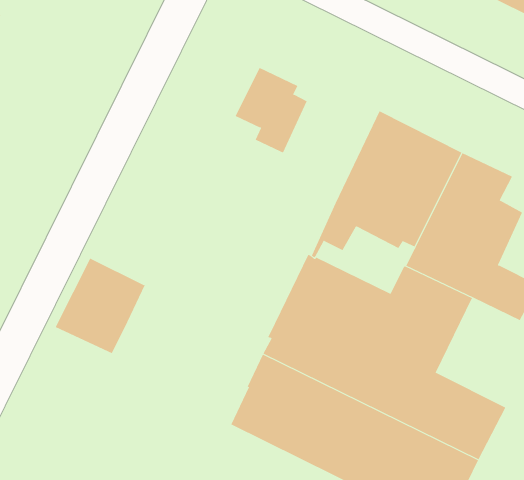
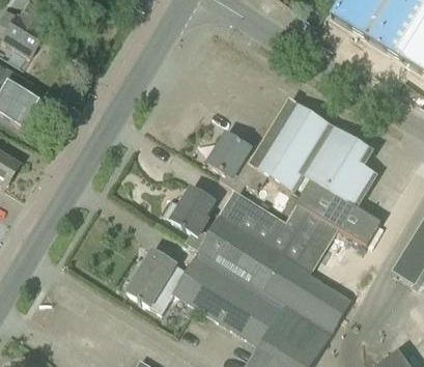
building: [235,67,308,153] -> [207,133,255,190]
building: [55,258,146,354] -> [126,250,188,313]
building: none -> [171,188,214,239]

